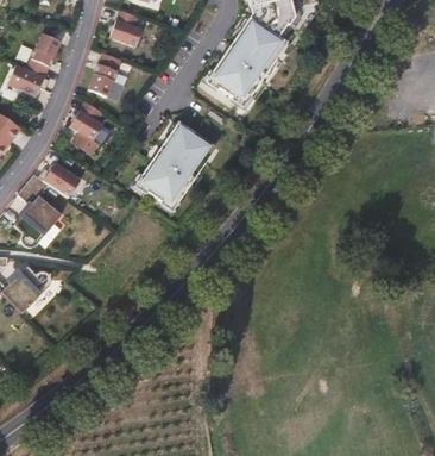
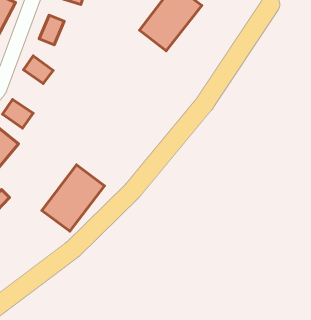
building: [138,125,213,205] -> [42,165,104,231]

